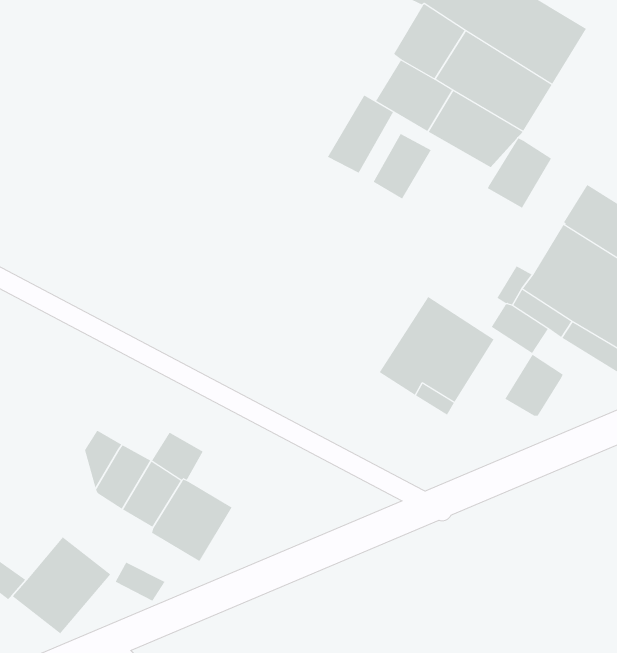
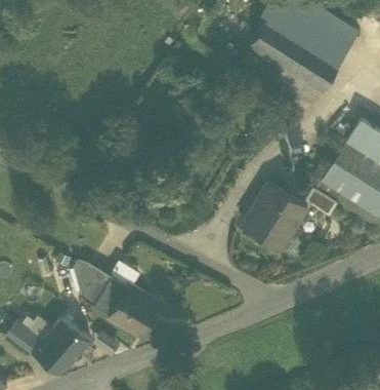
building: [327,94,394,174] -> none
building: [373,133,431,200] -> none
building: [487,138,552,208] -> none
building: [504,354,564,416] -> none

